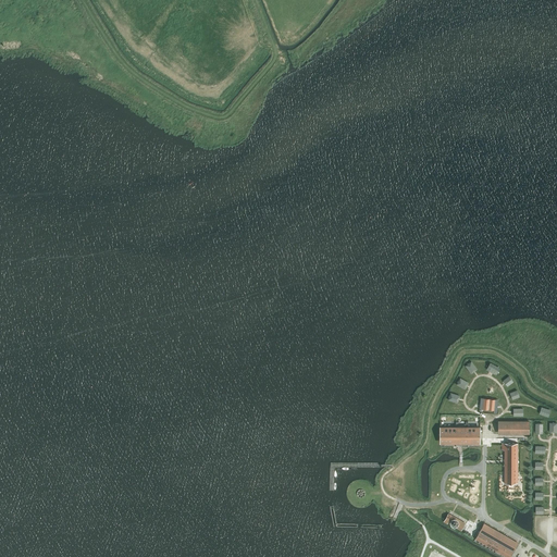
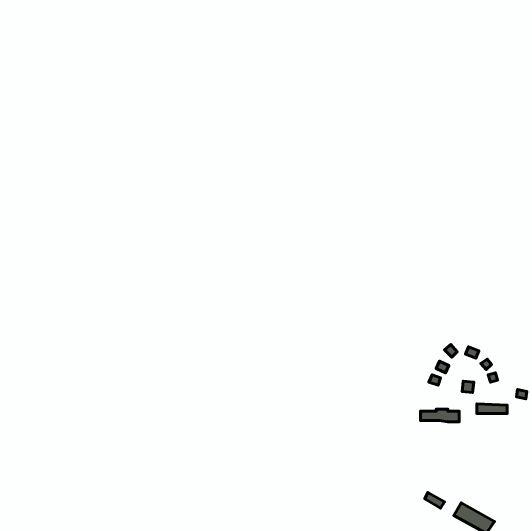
building: [503,445,518,484] -> none

